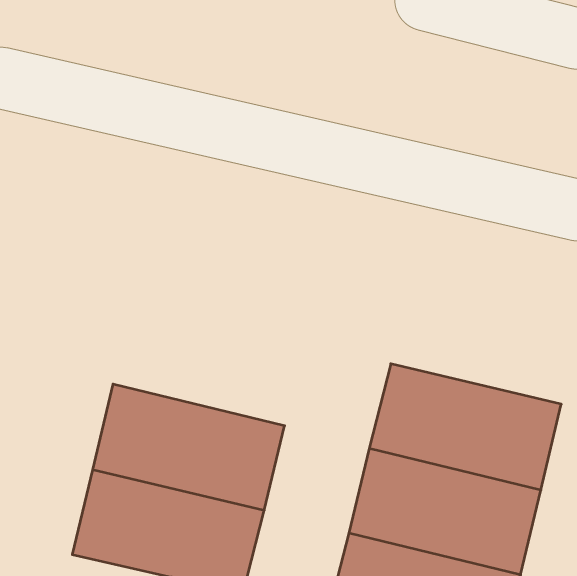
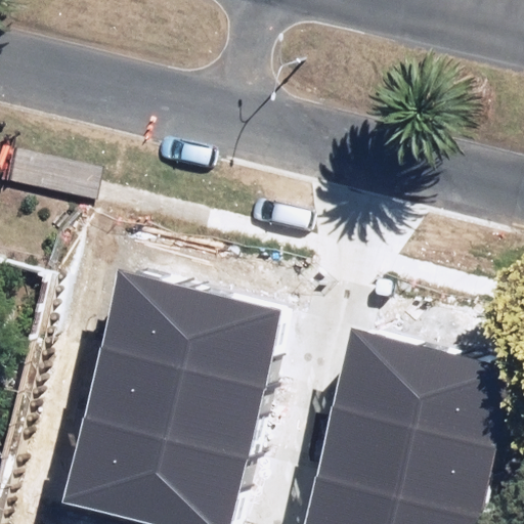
building: none -> [102,272,276,387]

